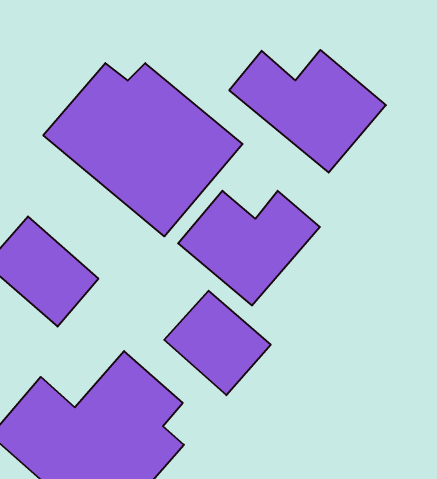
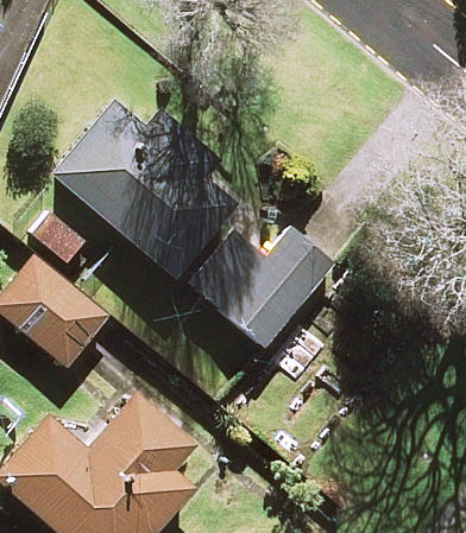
building: [229,50,386,173] -> none
building: [164,291,271,395] -> none

